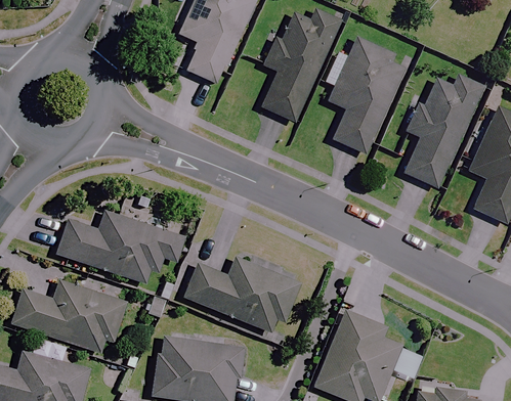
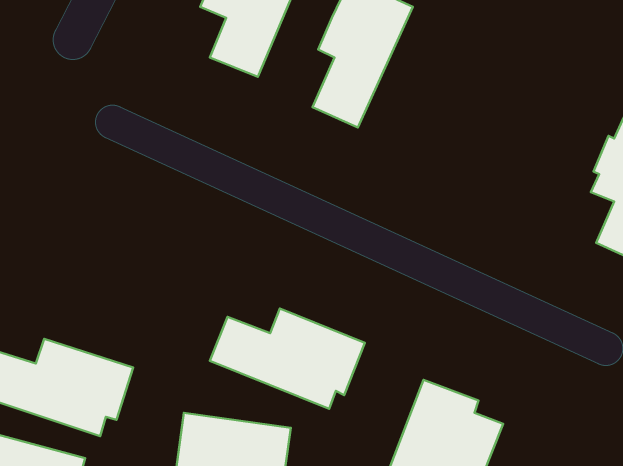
building: [326,38,408,154] -> none
building: [402,75,484,188] -> none
building: [56,211,185,283] -> none

